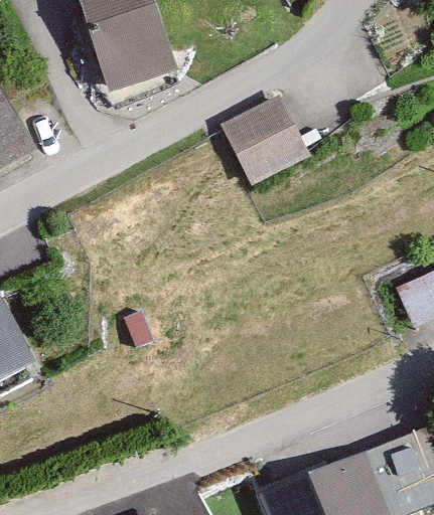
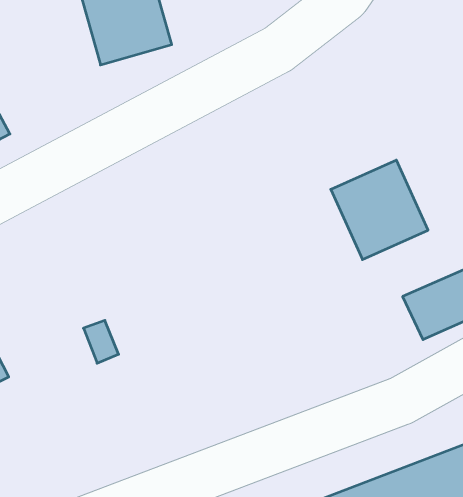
building: [225,100,311,188] -> [331,160,428,260]

